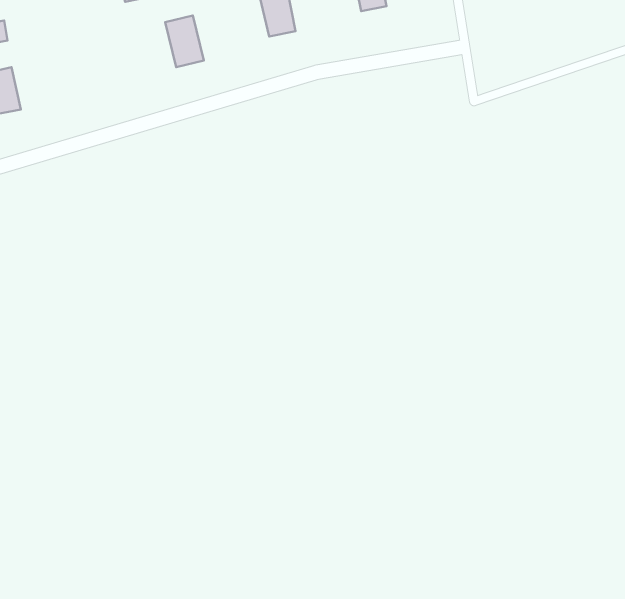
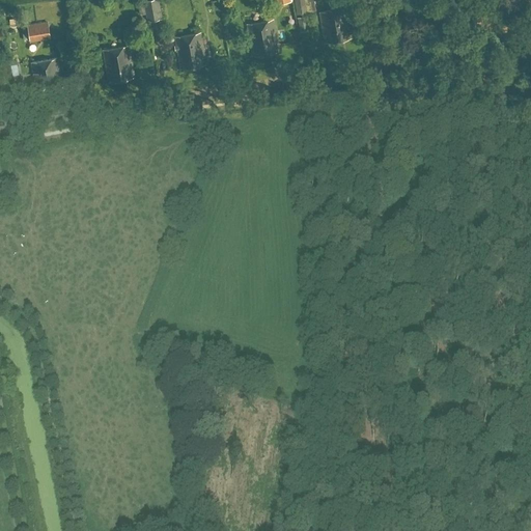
building: none -> [106,45,133,82]

